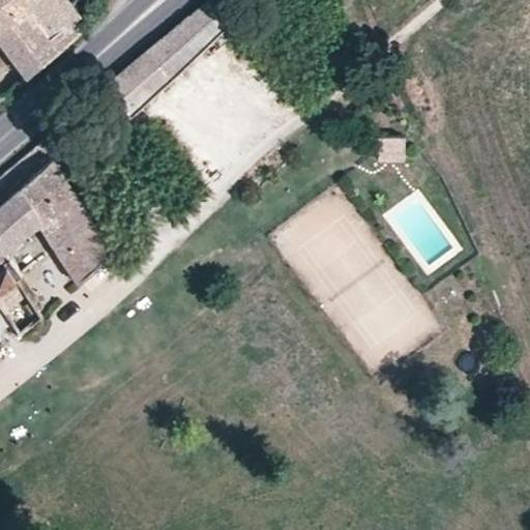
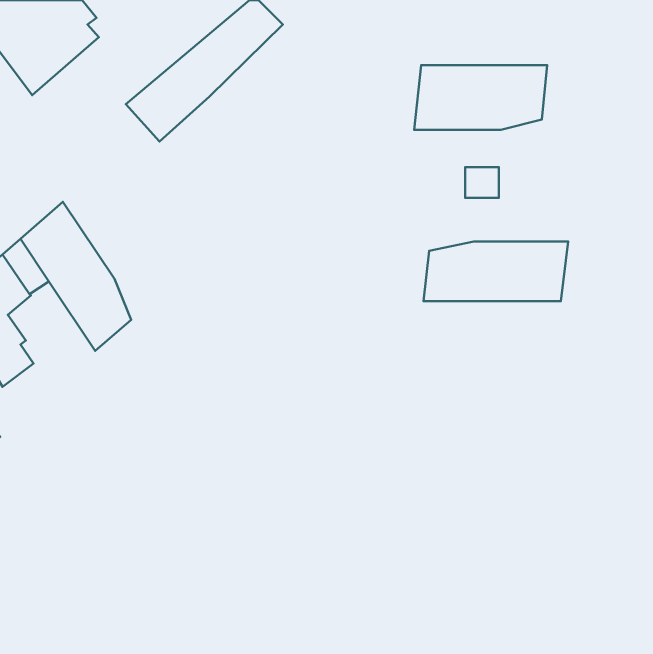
building: none -> [414,65,547,130]
building: none -> [423,241,568,301]

